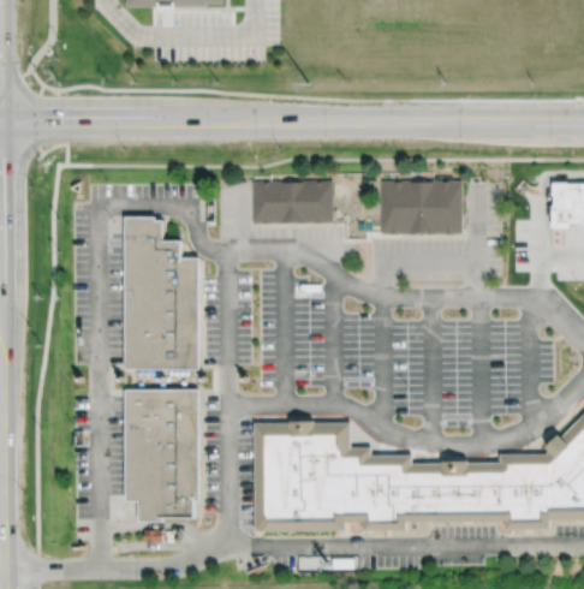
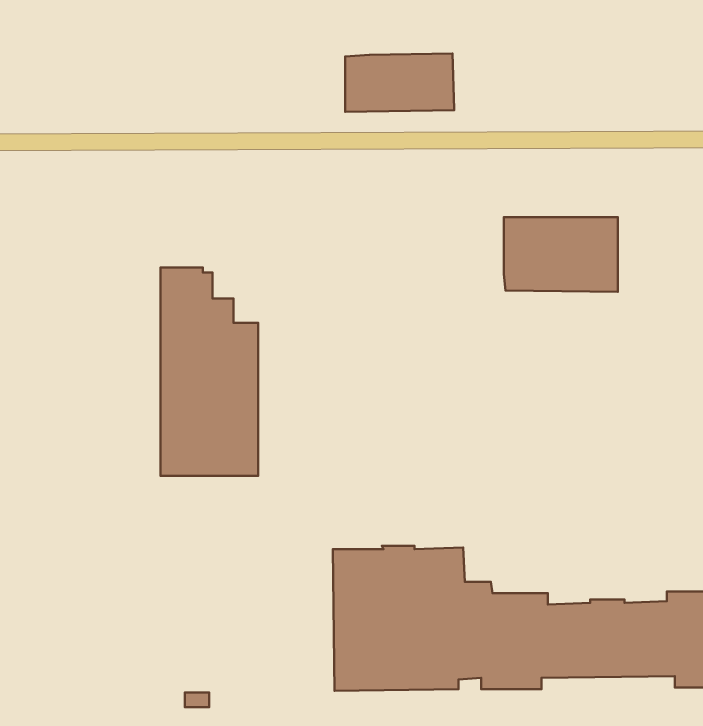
building: [250,178,330,221] -> [345,53,454,112]
building: [125,388,197,522] -> none

